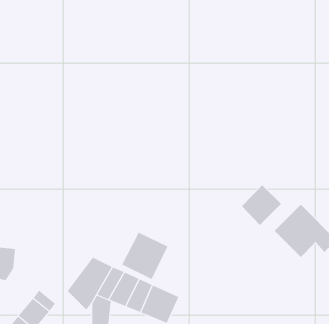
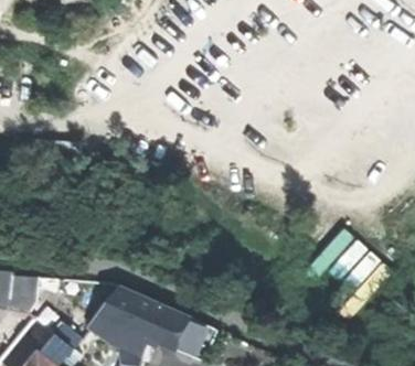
building: [241,185,282,226] -> none
building: [121,232,168,280] -> none

